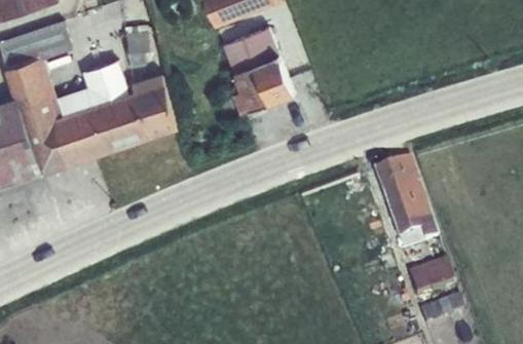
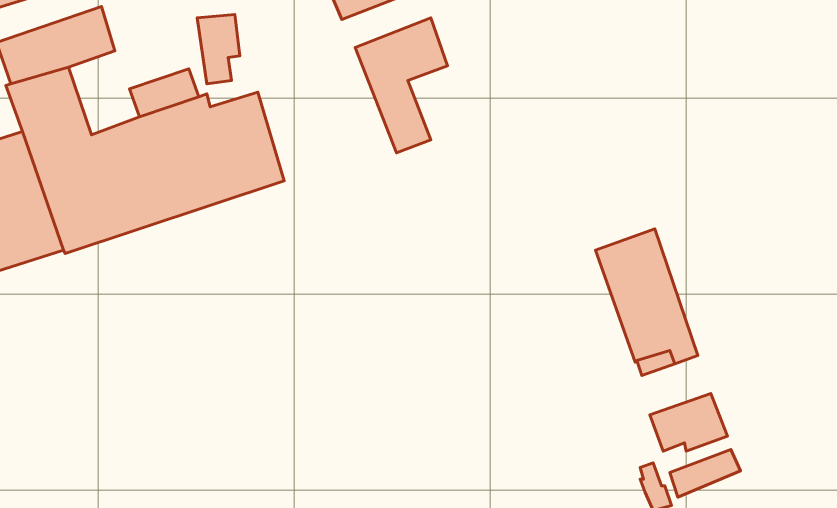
building: [255,55,294,103] -> none

